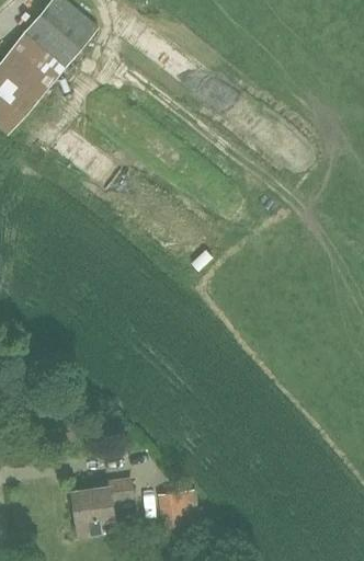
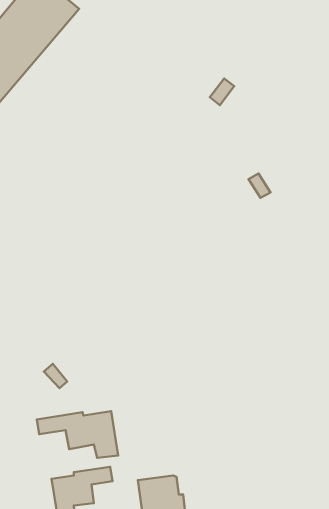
building: none -> [37,411,118,458]

